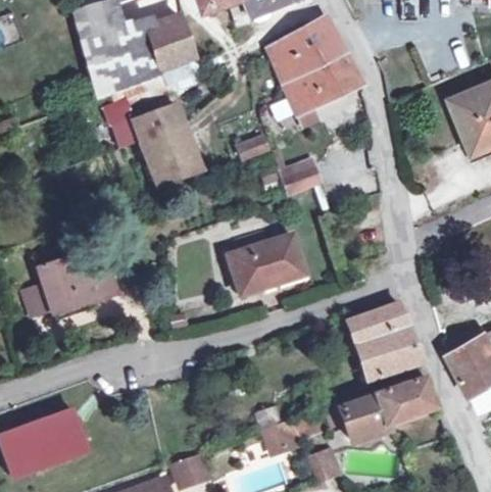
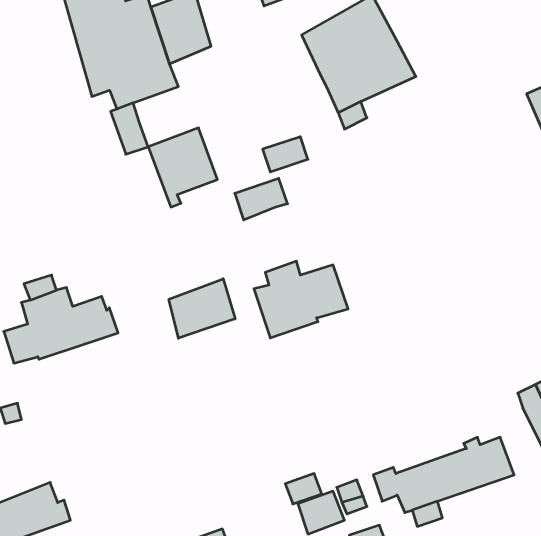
building: [135,108,183,142] -> none
building: [280,165,323,199] -> [235,178,288,220]
building: none -> [169,279,235,338]
building: [351,304,425,380] -> none

